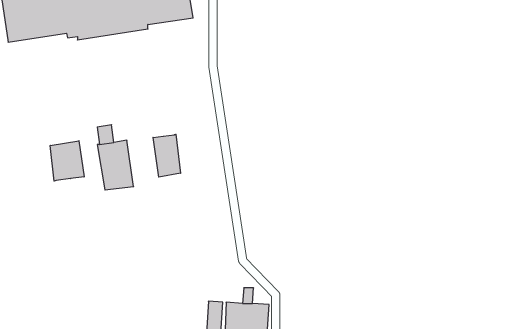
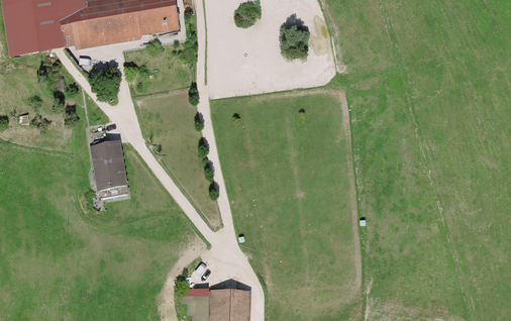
building: [153,134,181,177] -> none
building: [50,141,84,181] -> none

